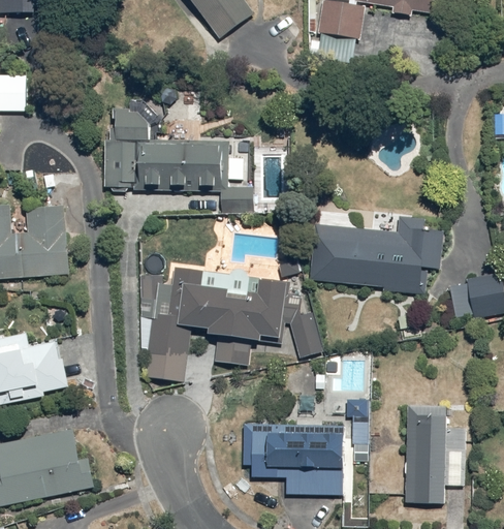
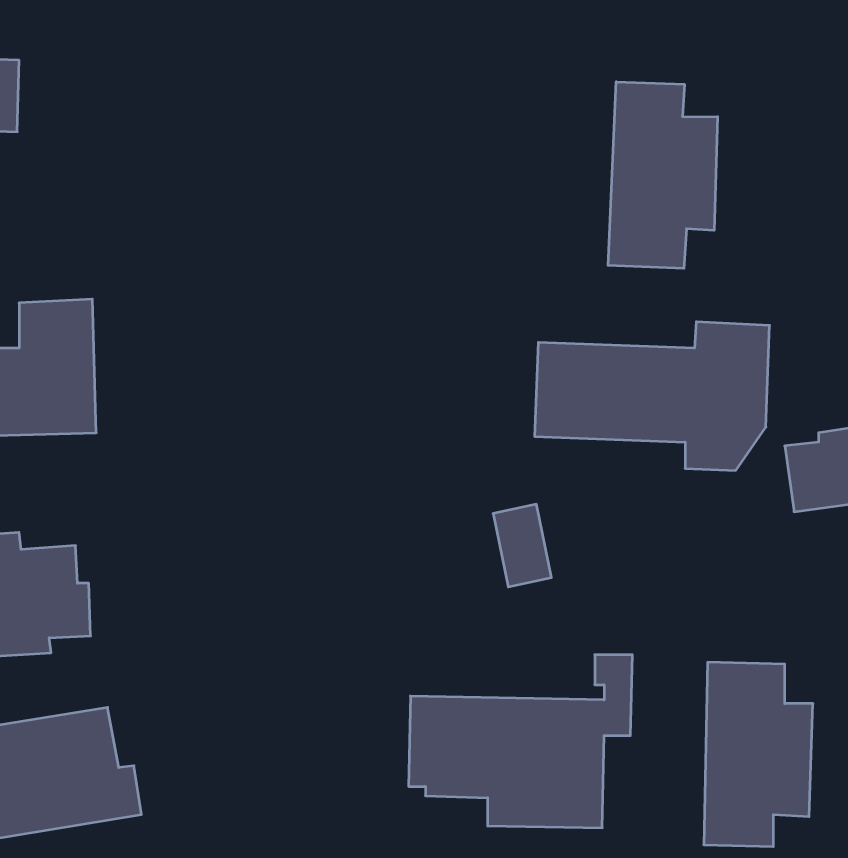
building: none -> [608,82,718,268]
building: [100,107,246,210] -> none
building: [148,269,288,379] -> none

